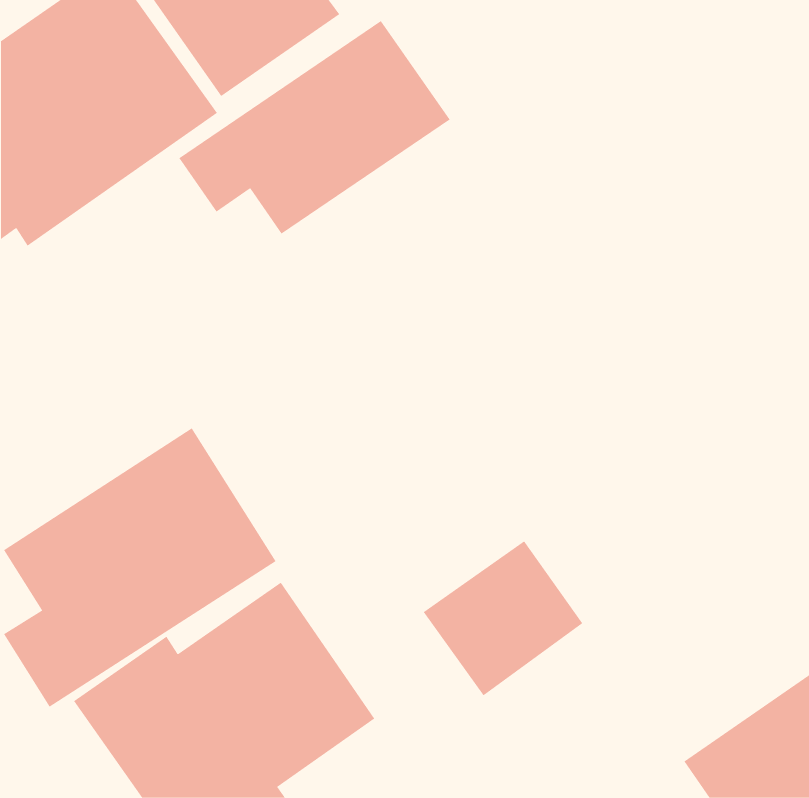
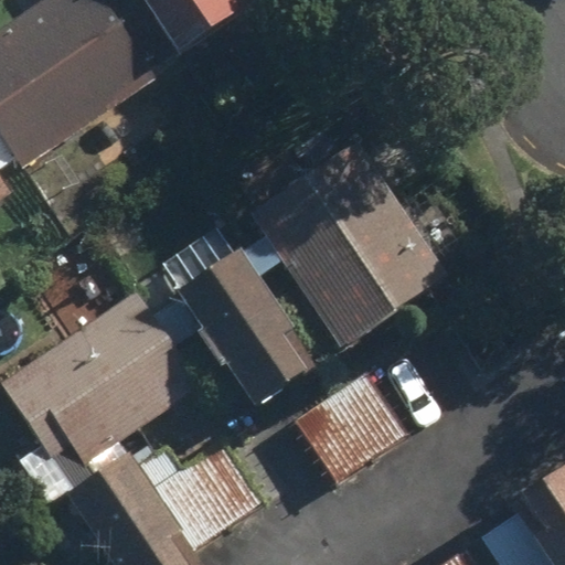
building: [179,20,450,234] -> none
building: none -> [243,140,446,342]
building: none -> [157,255,301,409]

